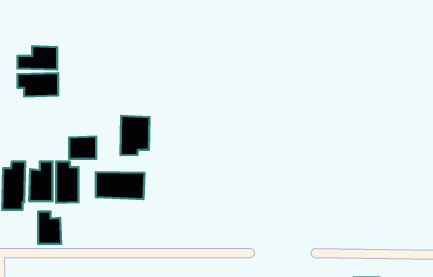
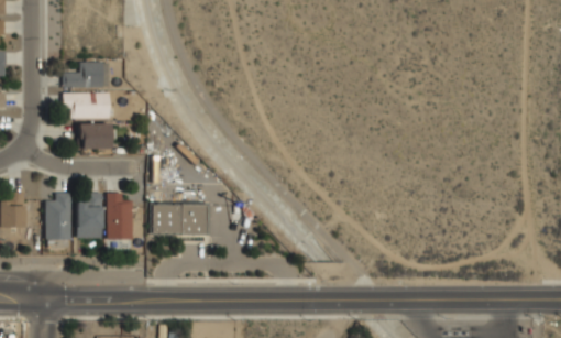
building: [120,116,149,155] -> none
building: [69,136,96,159] -> [79,123,110,149]
building: [38,211,61,244] -> none

